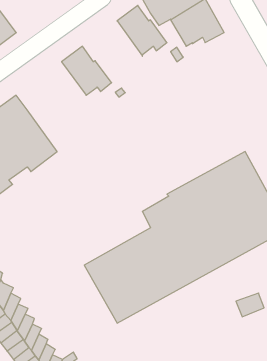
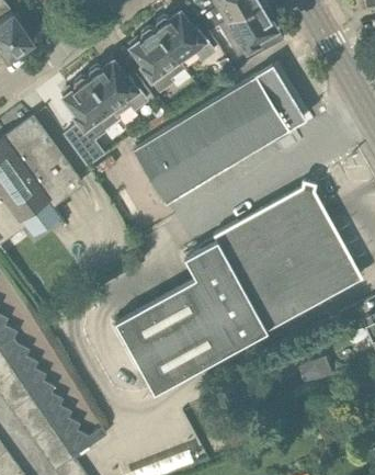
building: none -> [130,27,186,93]
building: none -> [135,67,306,205]
building: none -> [64,77,120,167]

